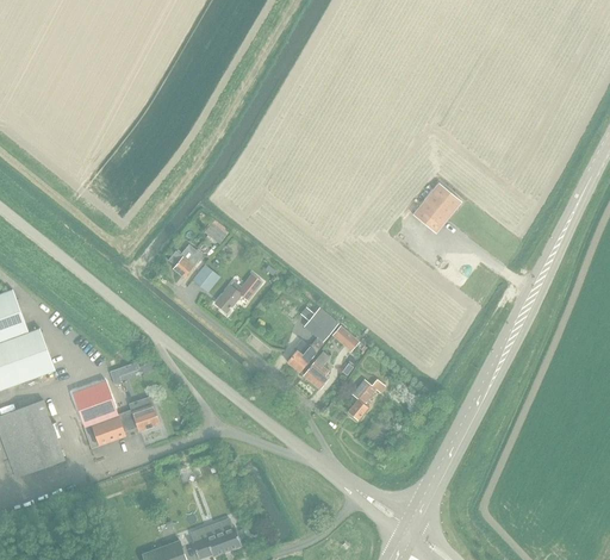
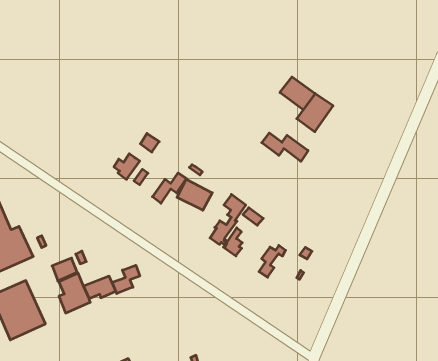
building: none -> [280,77,315,110]
building: none -> [262,133,308,161]
building: none -> [177,179,212,210]
building: none -> [112,265,140,294]

